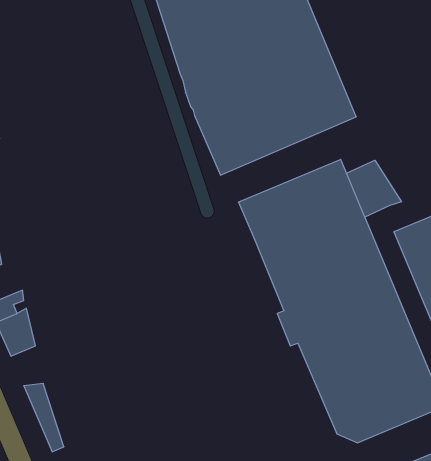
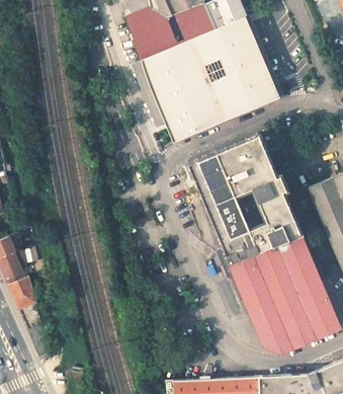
building: [346,160,402,217] -> none
building: none -> [9,277,34,308]

